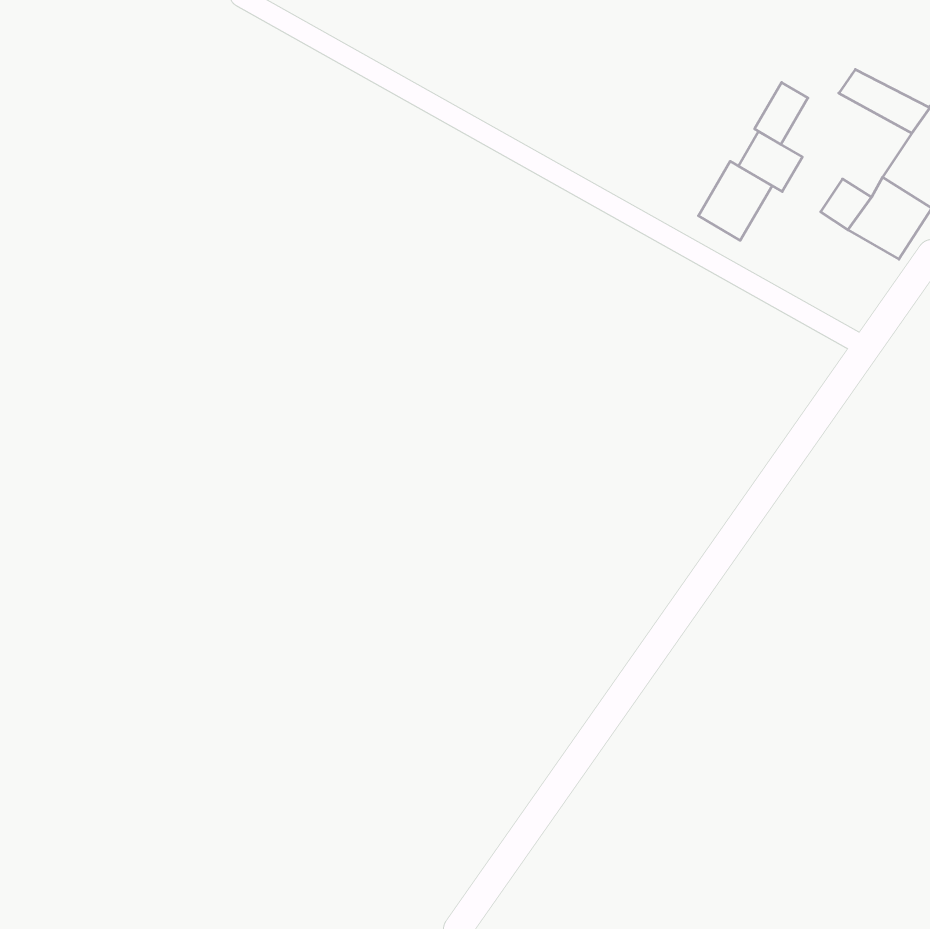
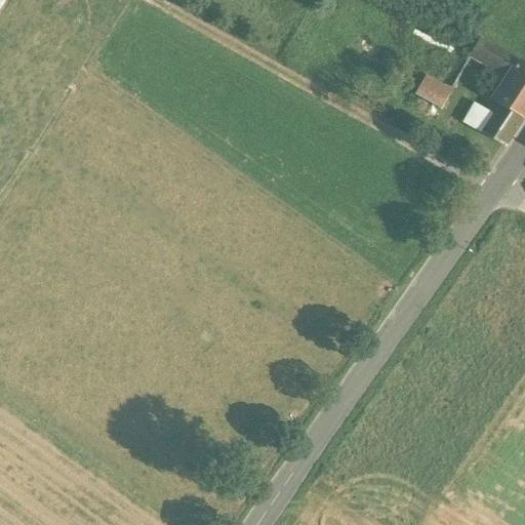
building: [755,82,808,144] -> none
building: [698,161,772,240] -> none

